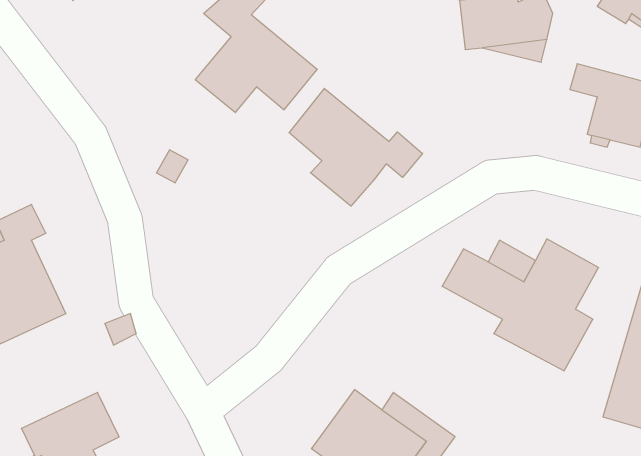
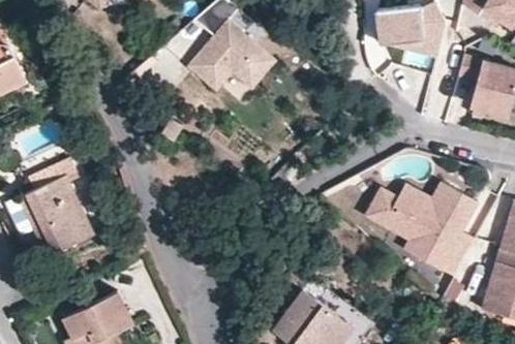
building: [289,88,423,206] -> none

